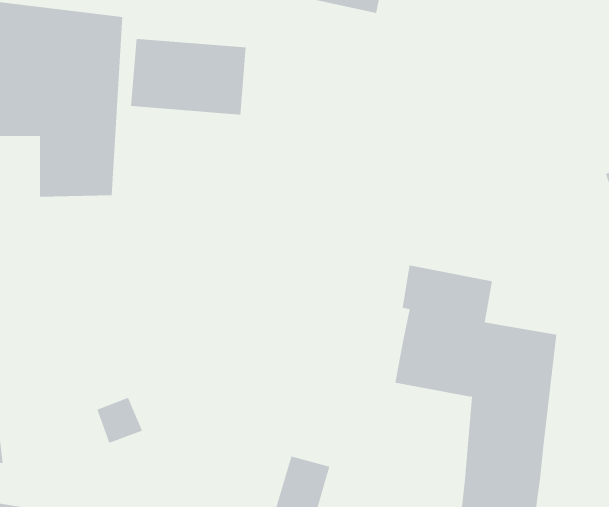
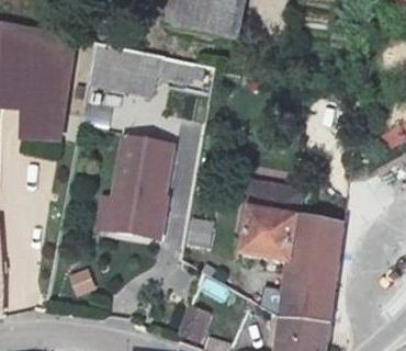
building: none -> [93,136,181,244]

